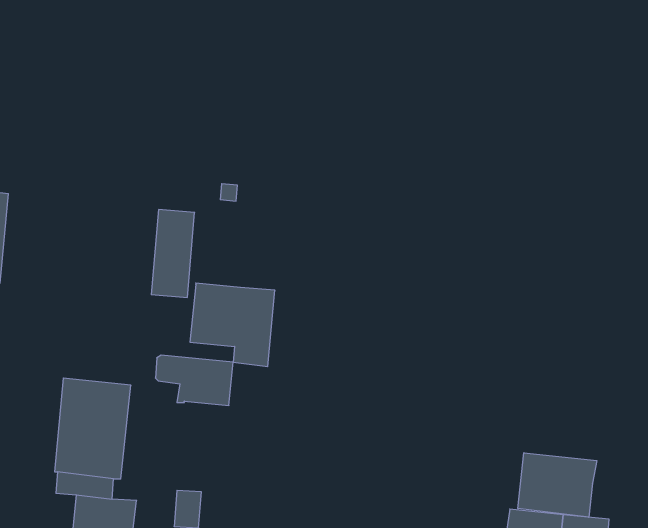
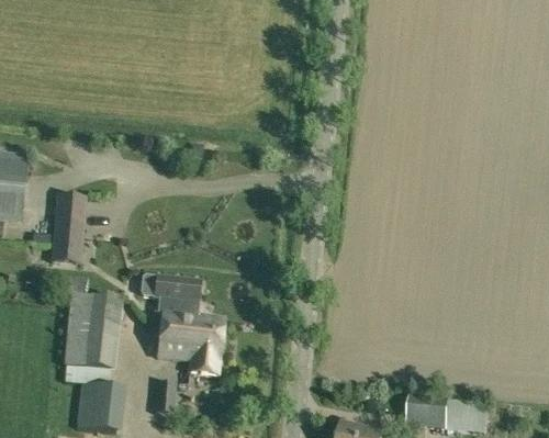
building: [151,210,195,297] -> [53,193,86,260]
building: [190,283,275,367] -> [158,311,223,374]
building: [518,453,597,517] -> none

